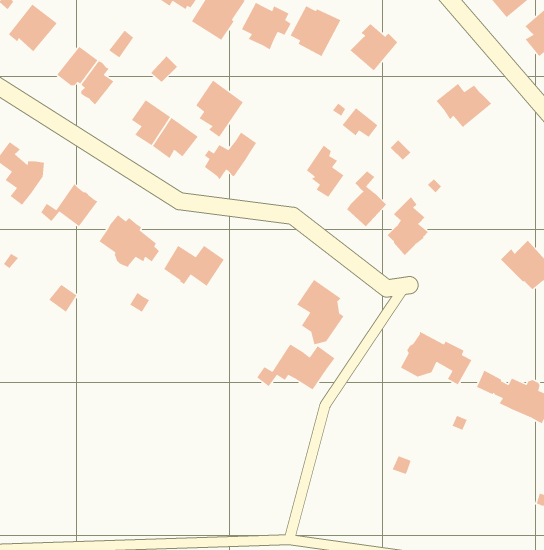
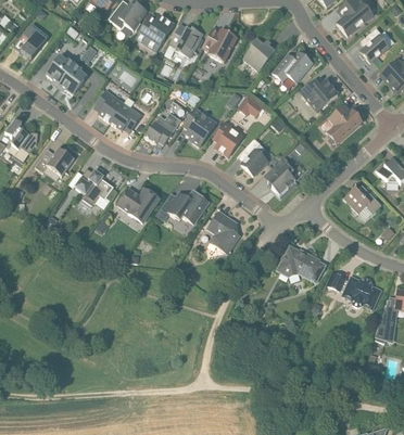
building: none -> [273,51,313,80]
building: [195,80,244,138] -> [184,106,216,145]
building: none -> [321,103,362,142]
building: [256,343,335,390] -> [156,191,210,222]

